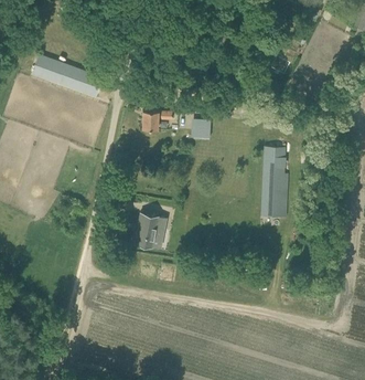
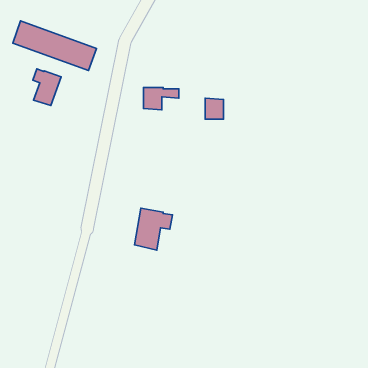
building: none -> [33,69,61,105]
building: [262,147,286,218] -> none

